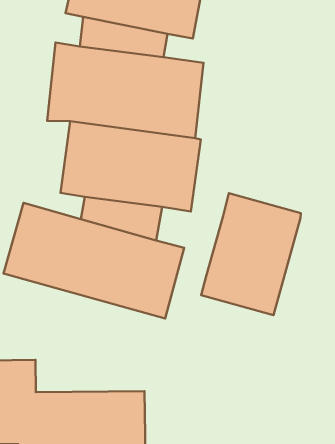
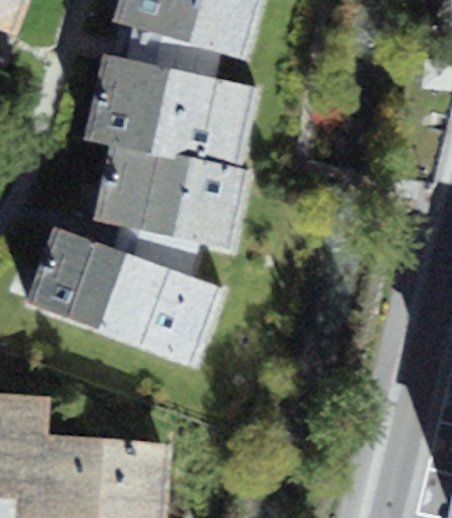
building: [201,193,301,315] -> none

